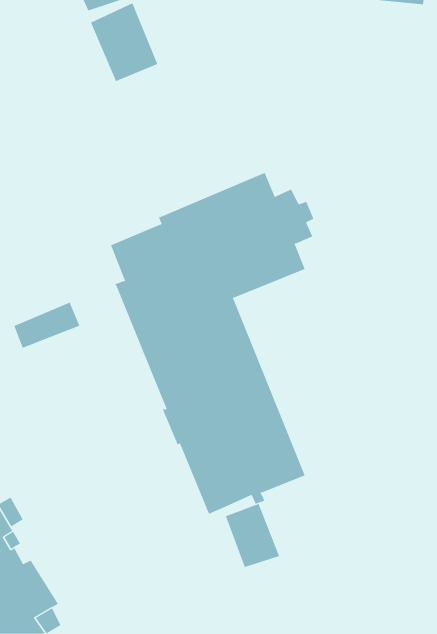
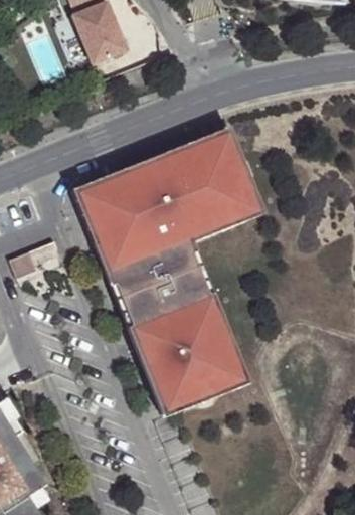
building: none -> [72,168,130,230]
building: [225,503,280,568] -> none

